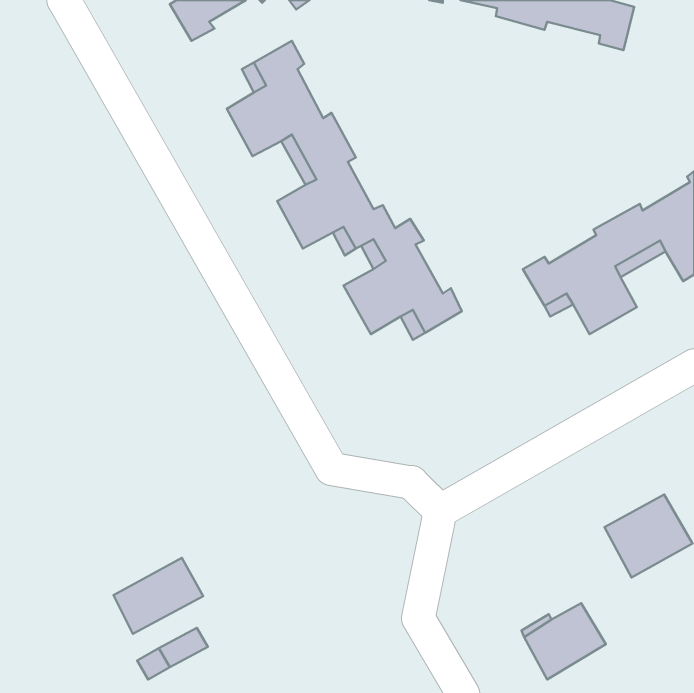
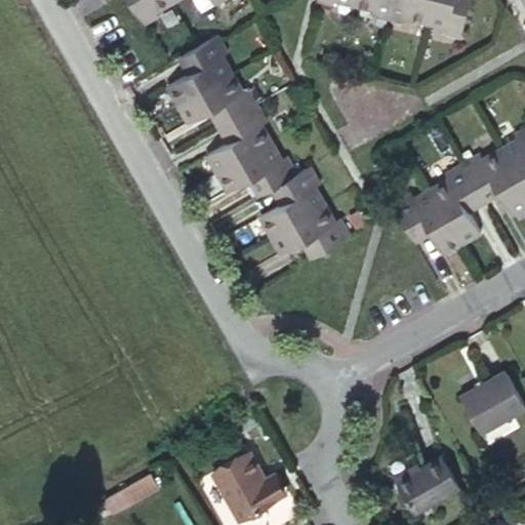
building: [113,558,203,634] -> none
building: none -> [209,450,281,519]

